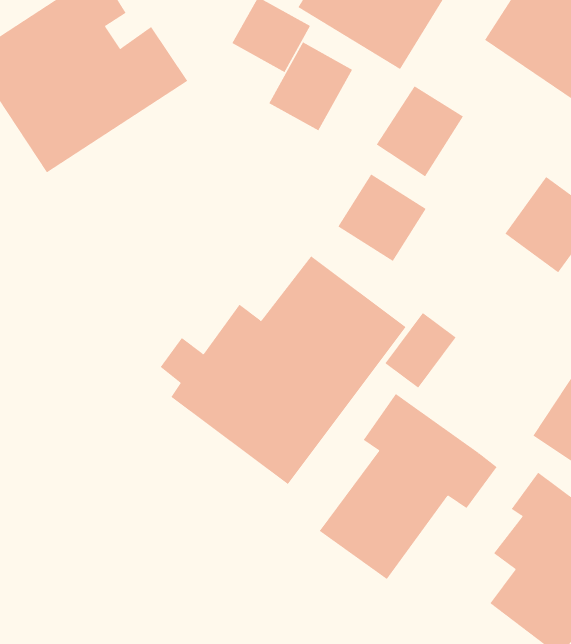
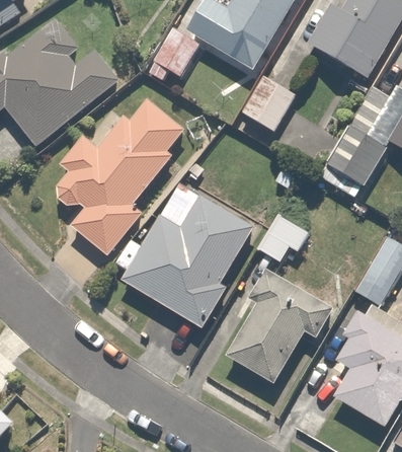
building: [268,41,353,131] -> none
building: none -> [57,100,185,256]
building: [338,173,426,262] -> none

